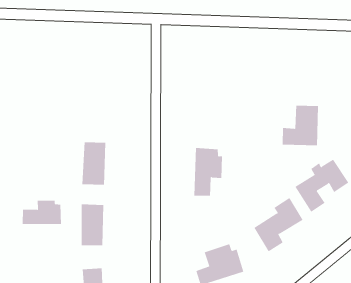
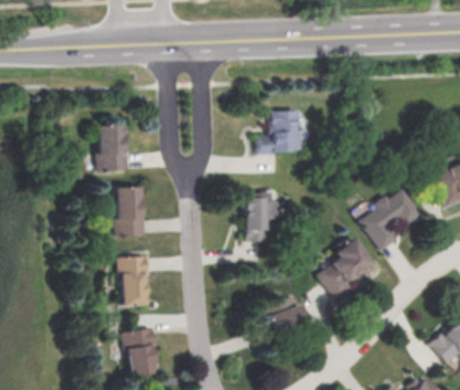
building: none -> [97,126,127,172]
building: [282,105,319,146] -> [257,106,299,154]
building: [22,200,61,225] -> none

